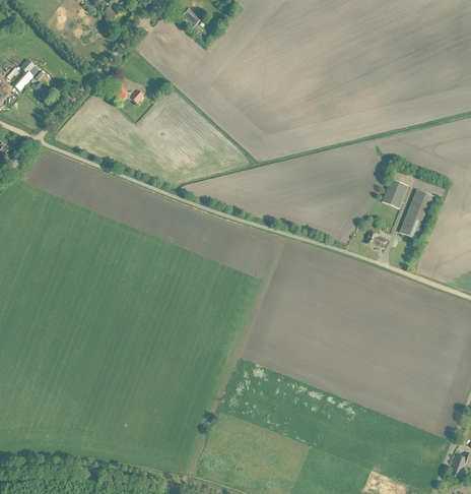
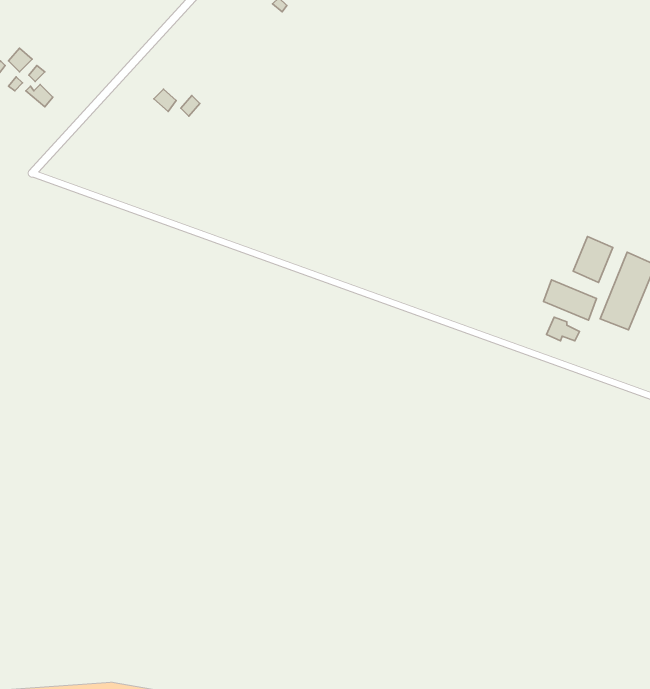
building: none -> [544,280,597,320]

